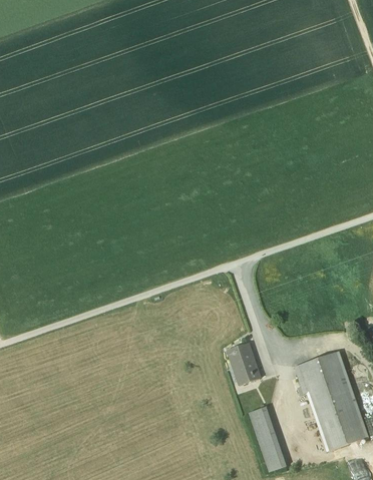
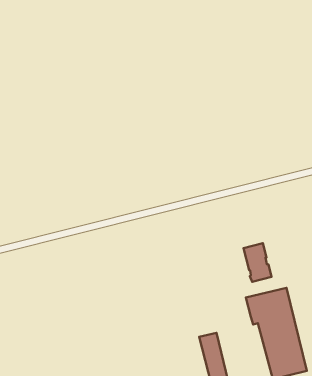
building: [228,343,260,385] -> [244,243,271,282]

